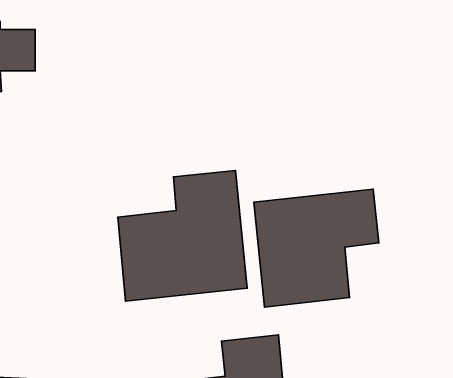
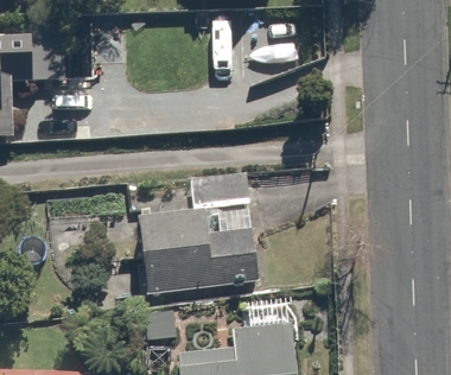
building: [254,189,379,307] -> none

